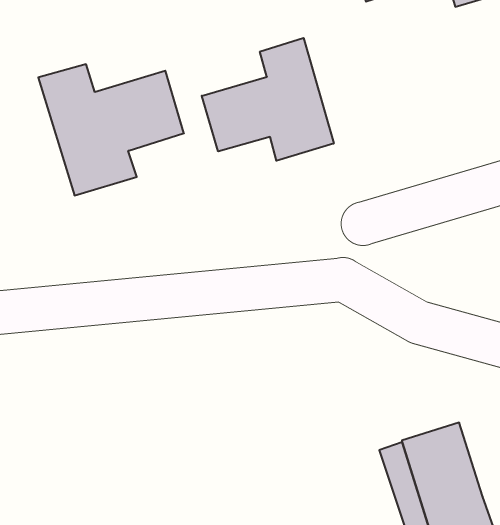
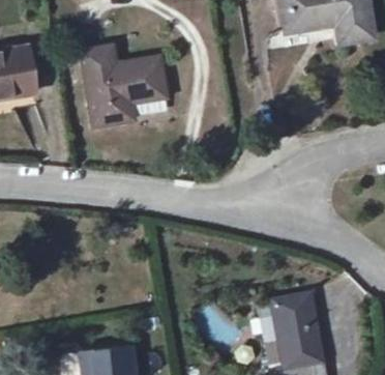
building: [202,38,334,161] -> none

